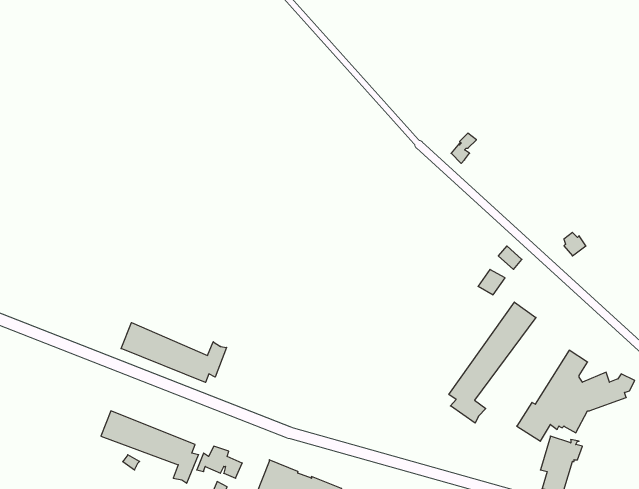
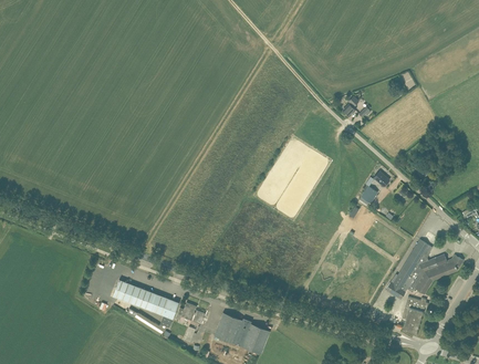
building: [449,302,536,423] -> none
building: [121,323,227,382] -> none

